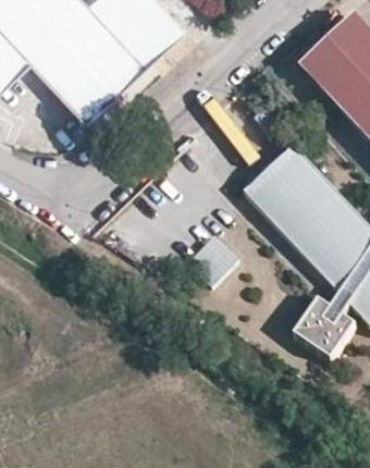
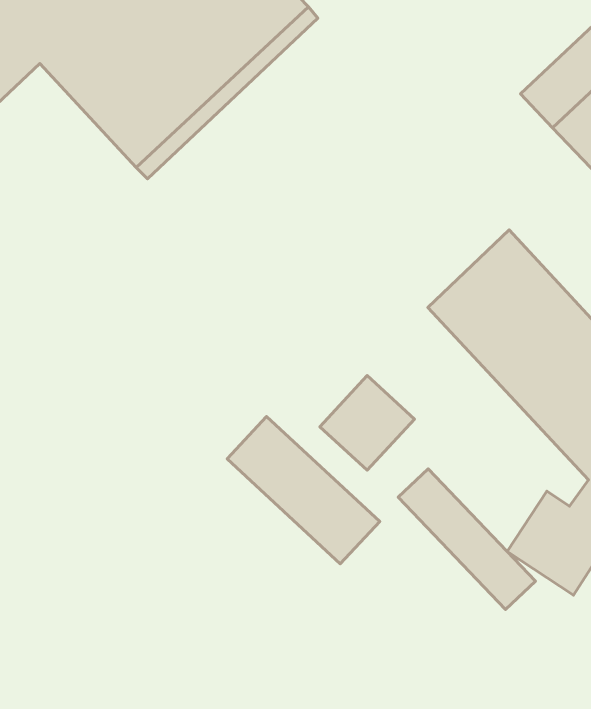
building: none -> [227,417,380,564]
building: none -> [398,469,535,610]

